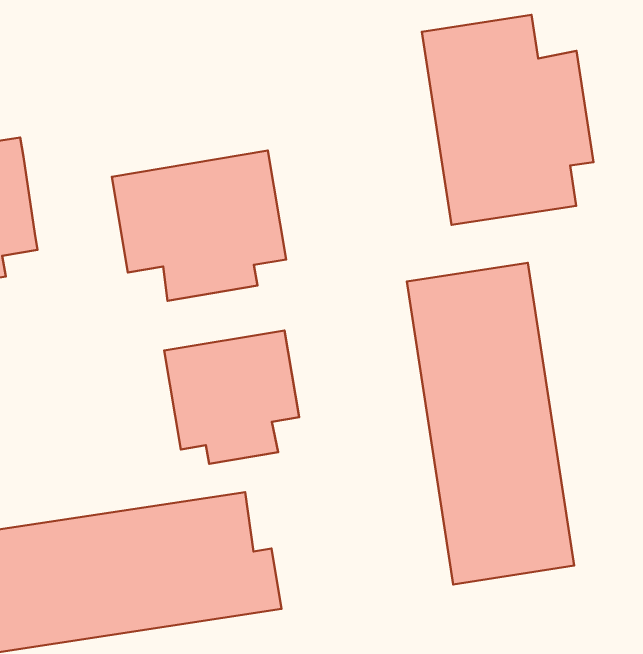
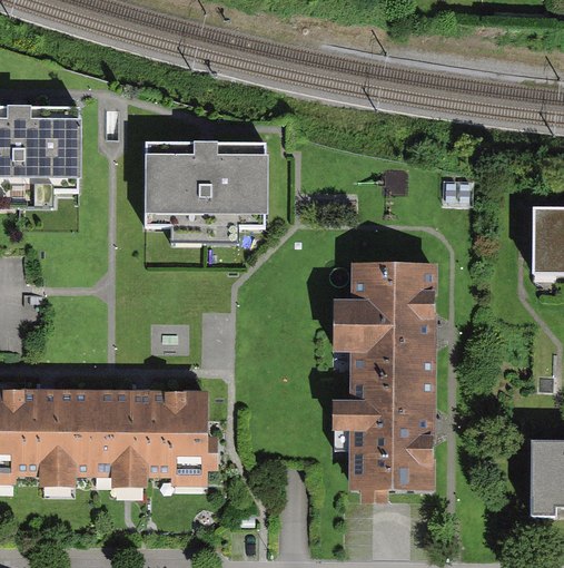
building: [422,15,594,225] -> none
building: [164,330,299,464] -> none

